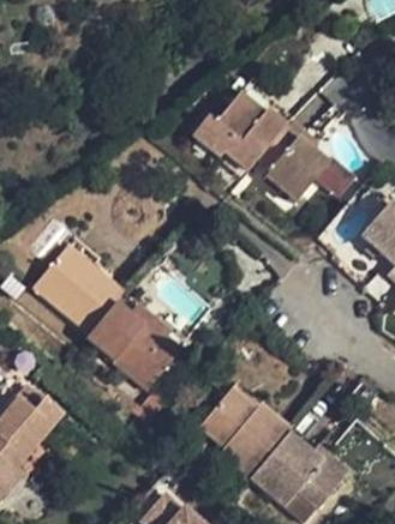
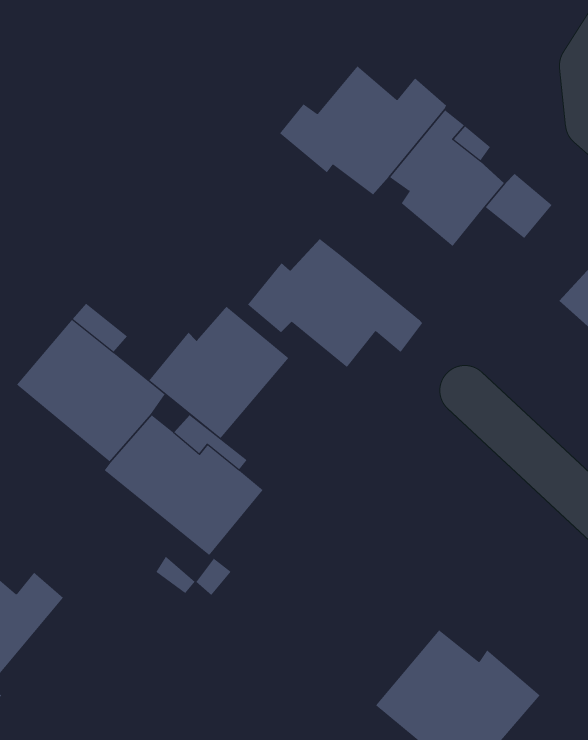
building: none -> [247,238,423,368]
building: none -> [148,306,289,439]
building: [199,387,289,477] -> none

